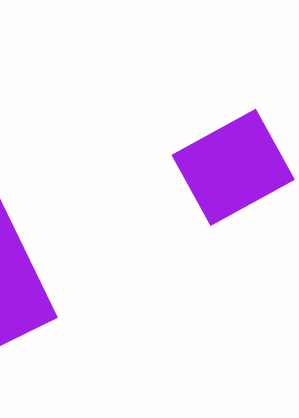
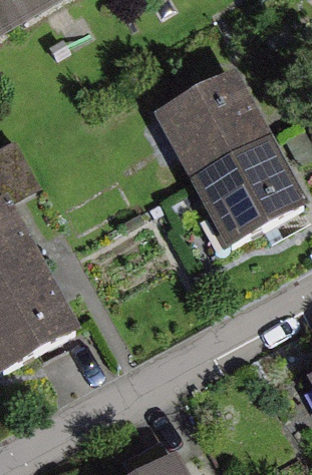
building: none -> [149,65,270,179]

